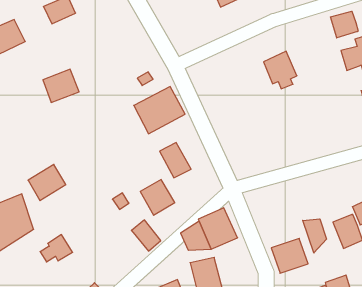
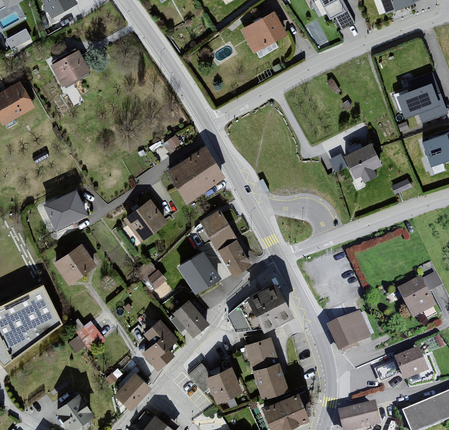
building: [331,11,358,38] -> none
building: [264,51,297,89] -> [343,138,382,181]
building: [43,69,79,102] -> [43,192,85,231]
building: none -> [120,199,166,244]
building: none -> [215,239,250,276]
building: [303,219,326,253] -> none
building: none -> [139,318,175,371]

